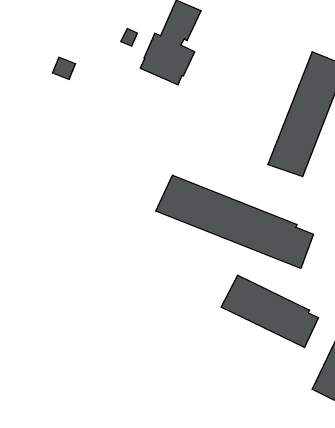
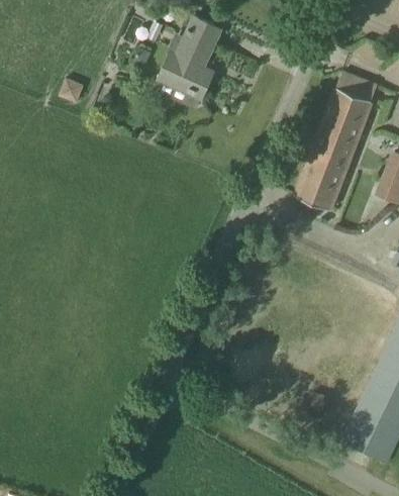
building: [156,175,314,268] -> none
building: [221,275,319,348] -> none

